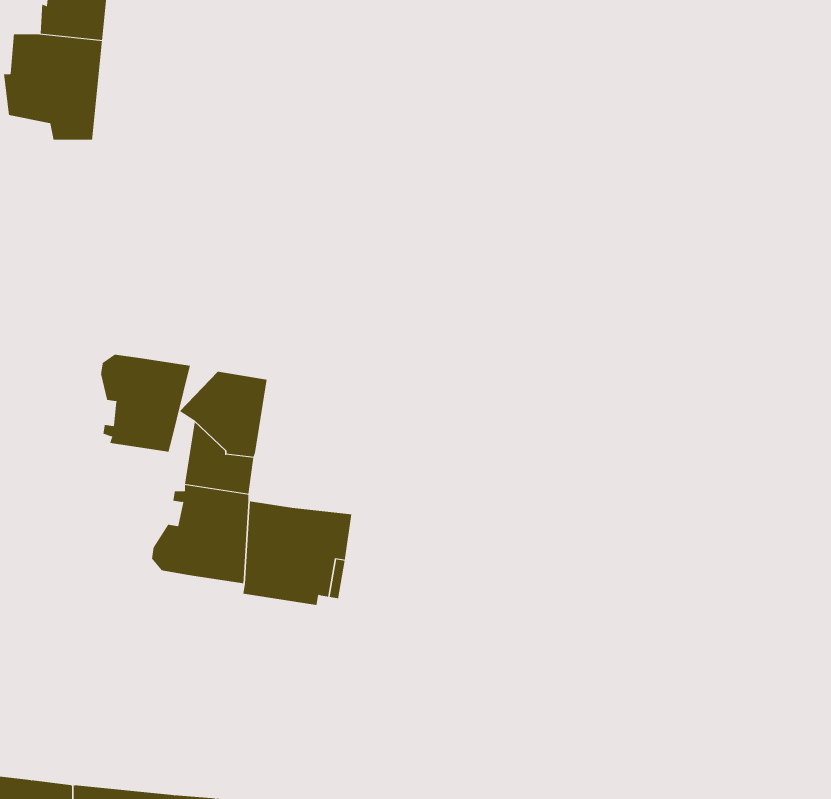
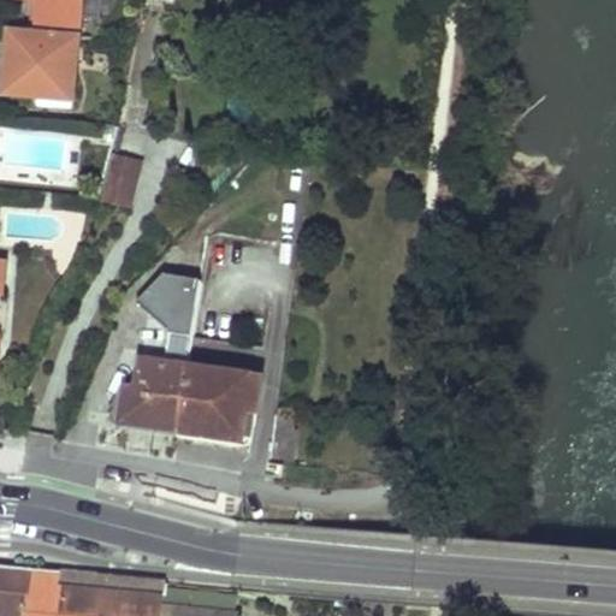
building: none -> [99,152,137,208]
building: [101,354,190,453] -> none

